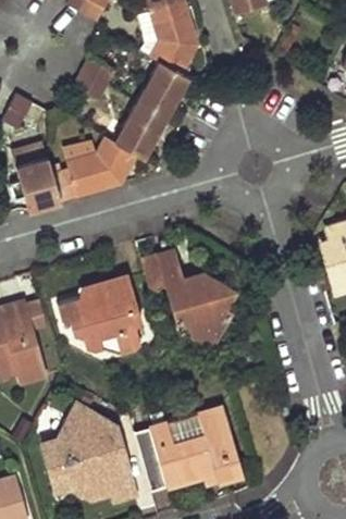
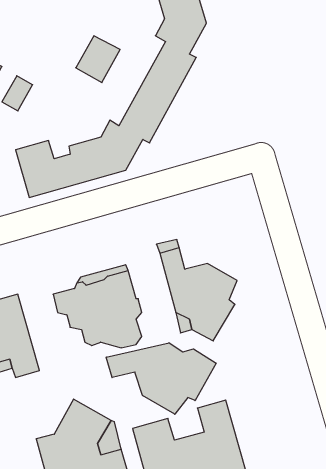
building: none -> [106,343,216,414]

